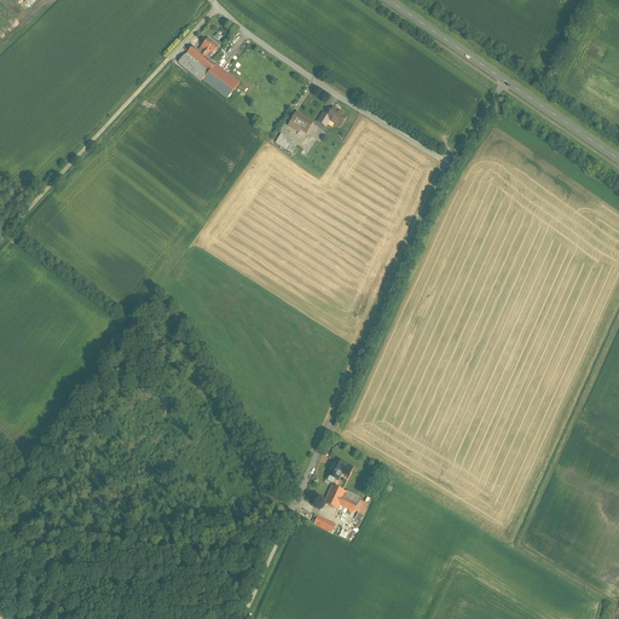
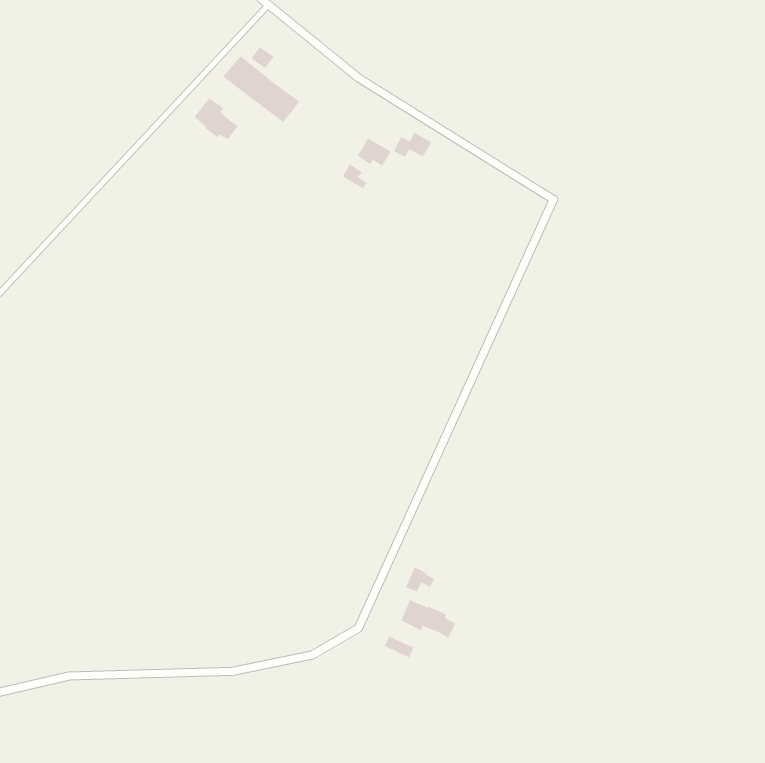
building: none -> [194,98,239,140]

